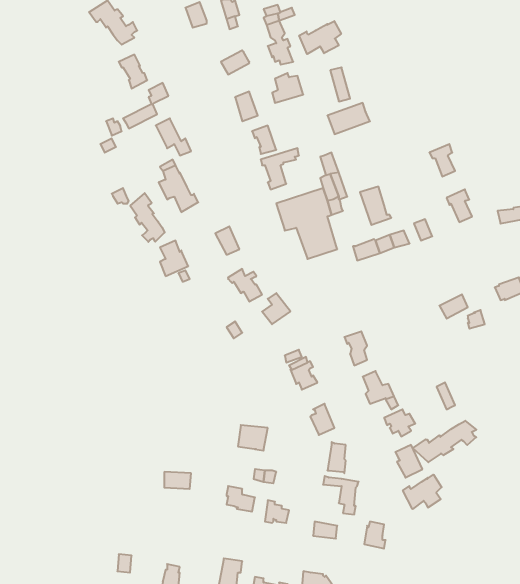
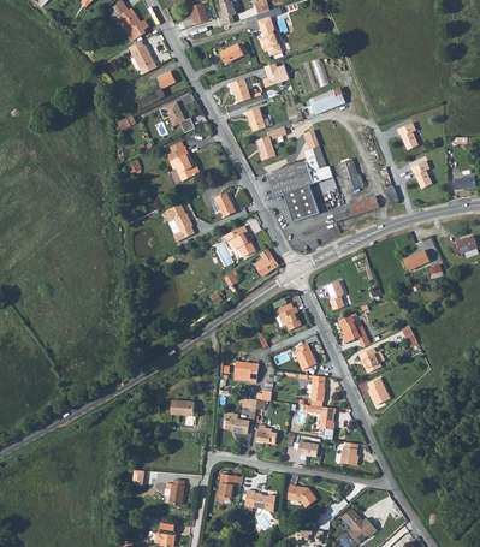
building: [299,21,341,54] -> none
building: [130,193,165,242] -> none
building: [413,421,476,462] -> none
building: [403,475,442,509] -> none

